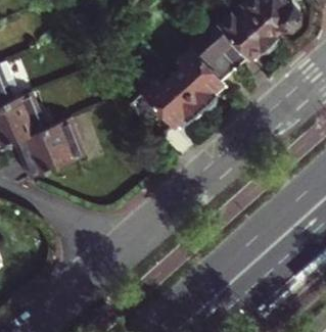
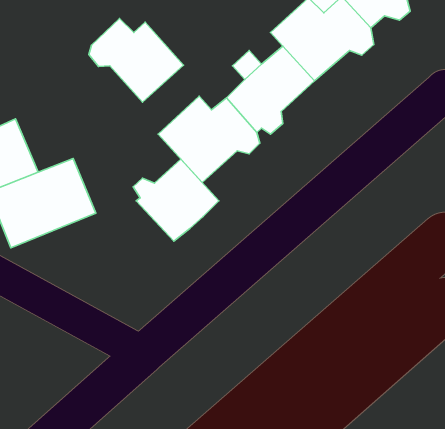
building: none -> [89,19,183,102]
building: none -> [133,159,219,241]

